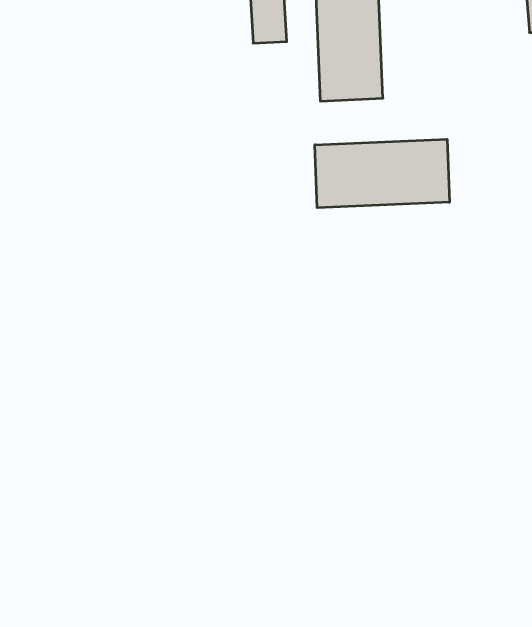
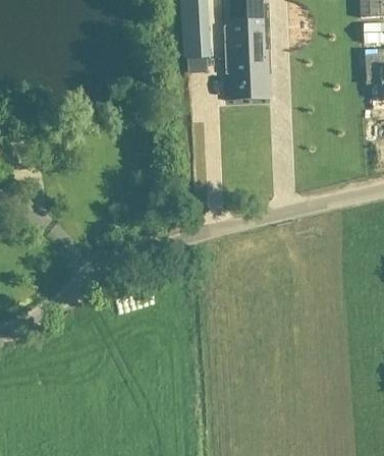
building: [315,139,449,208] -> none

